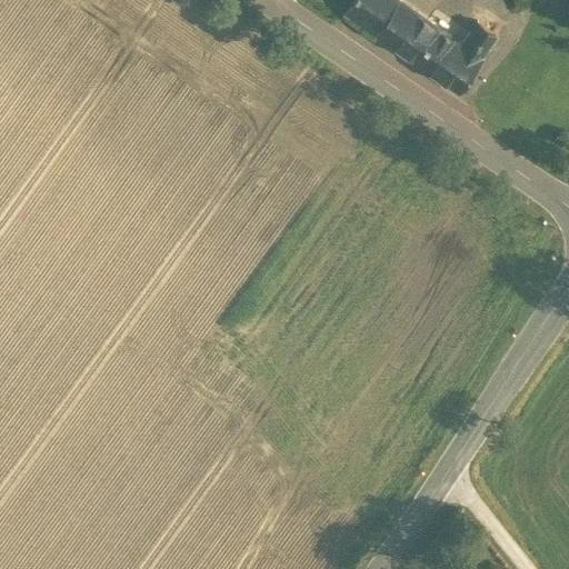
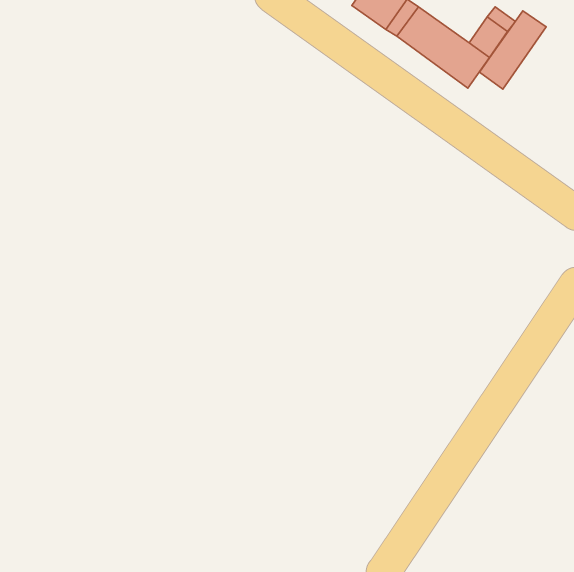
building: none -> [479,11,546,89]

